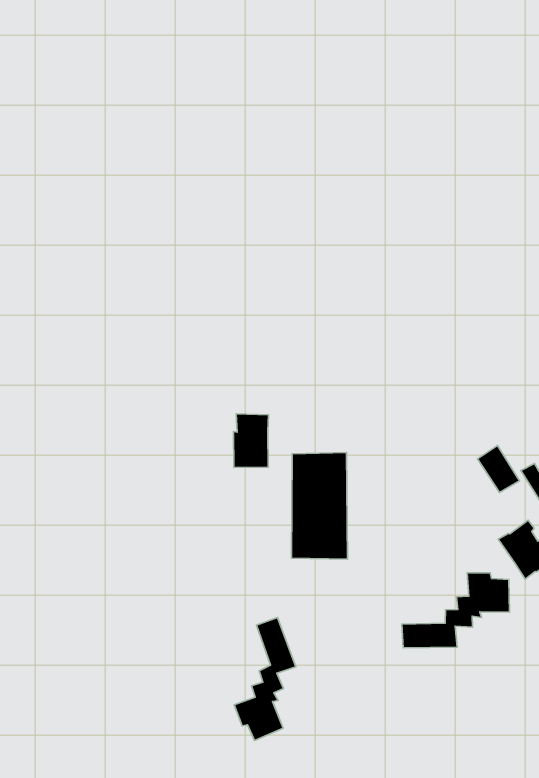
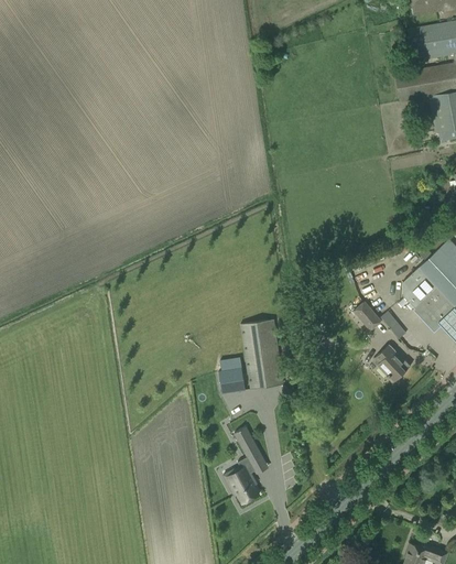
building: [234,414,268,468] -> [219,356,243,391]
building: [402,573,509,648] -> none

